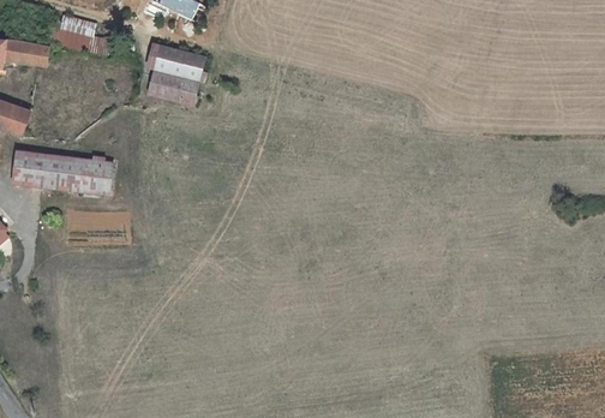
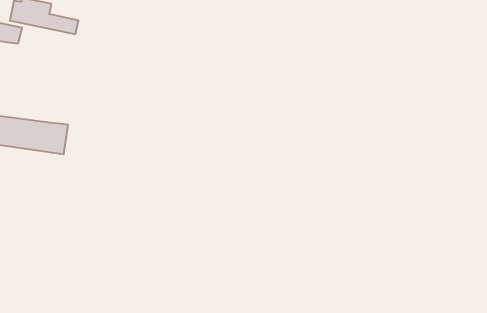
building: [146,43,200,102] -> none

